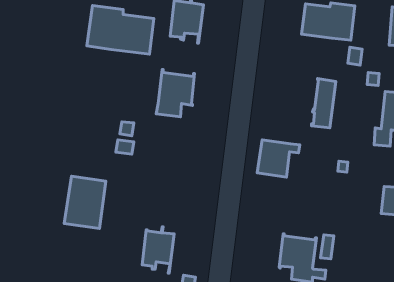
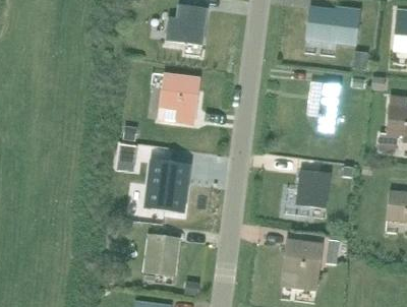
building: [87,5,154,54] -> none
building: [257,140,300,177] -> [296,170,339,207]
building: [64,176,106,229] -> [147,160,188,212]

